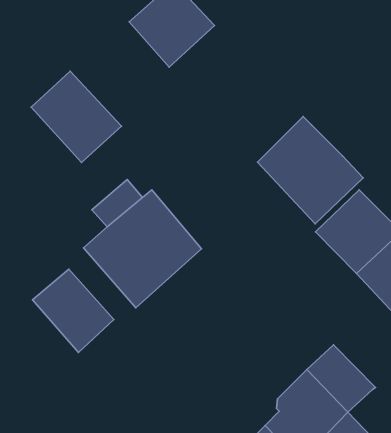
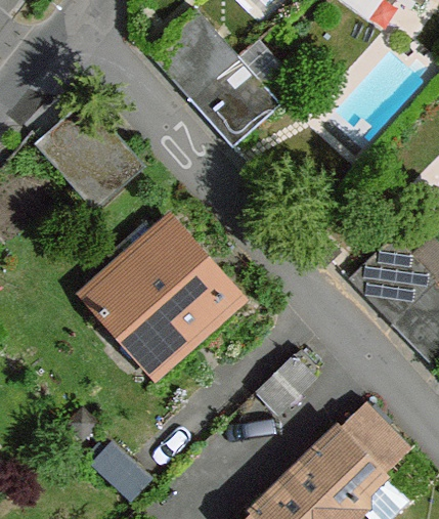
building: none -> [190,57,281,148]
building: [258,117,363,224] -> none
building: [32,269,114,353] -> none

